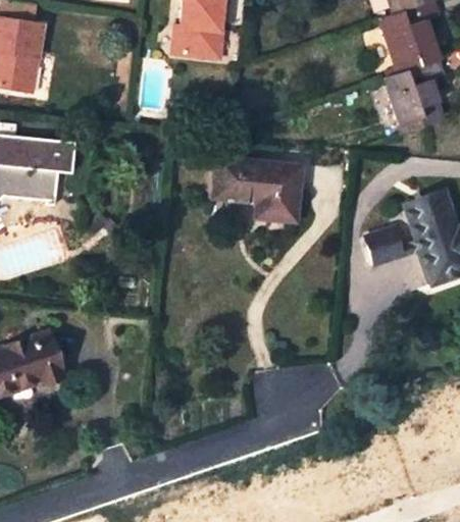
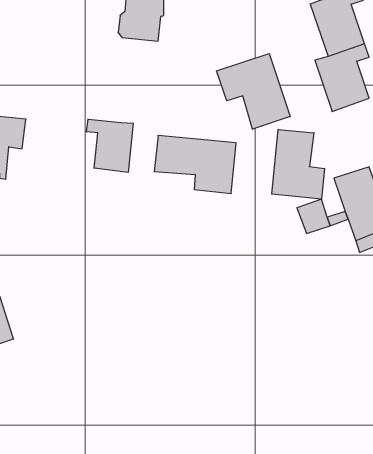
building: none -> [217,54,290,129]
building: none -> [87,119,133,172]
building: none -> [272,129,324,199]

